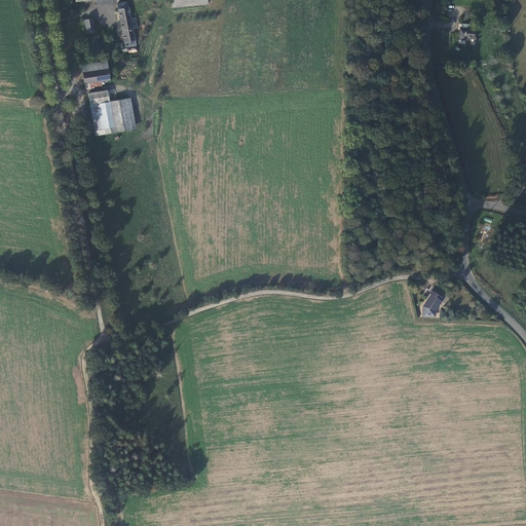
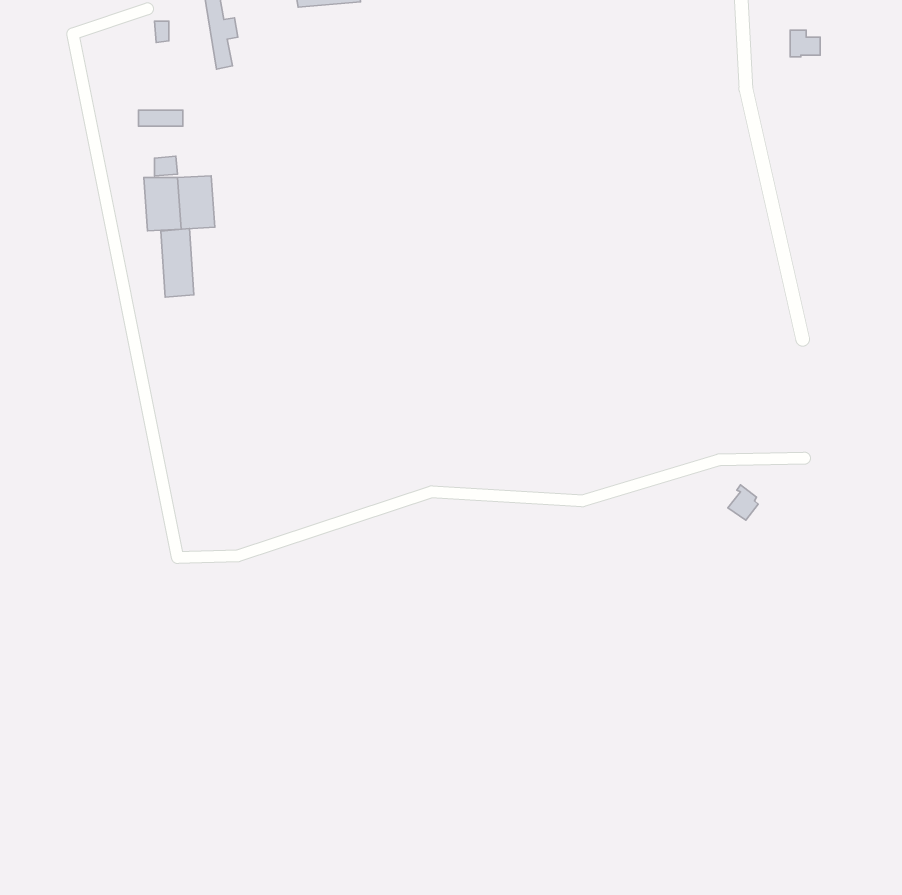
building: none -> [161,229,194,297]

